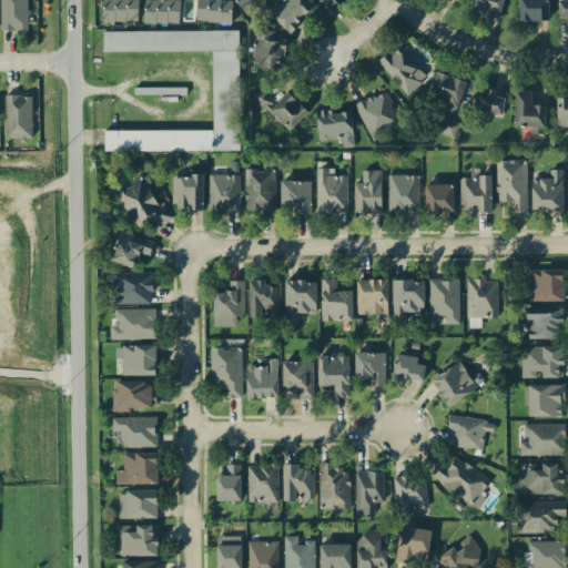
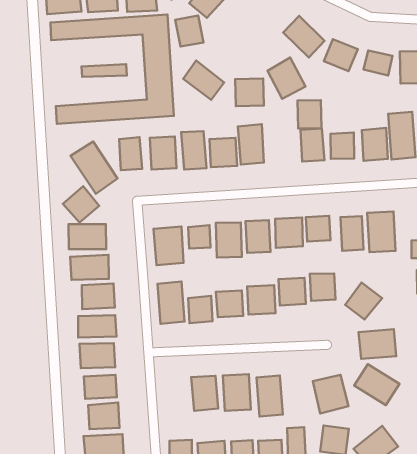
building: [355,178,384,212] -> [297,100,321,128]
building: [213,469,239,503] -> none
building: [358,470,385,516] -> none

